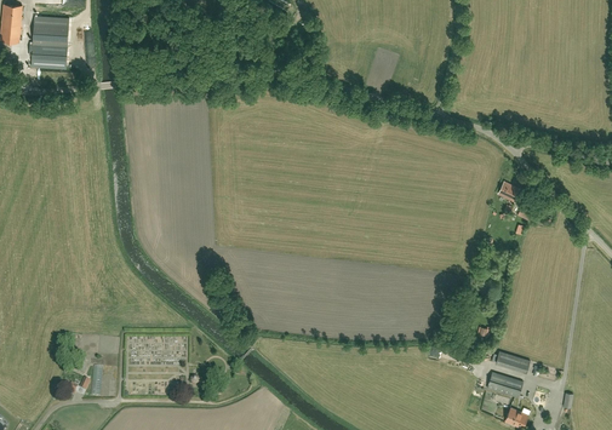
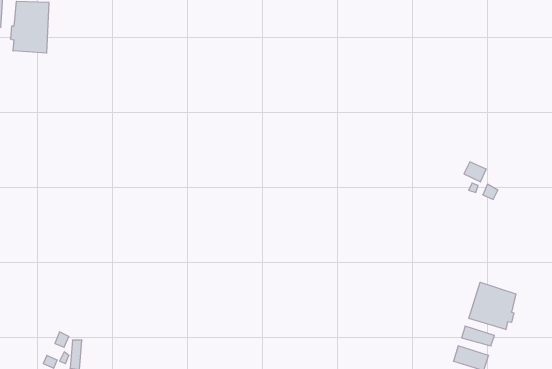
building: none -> [469,282,516,330]

